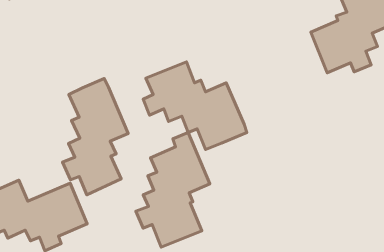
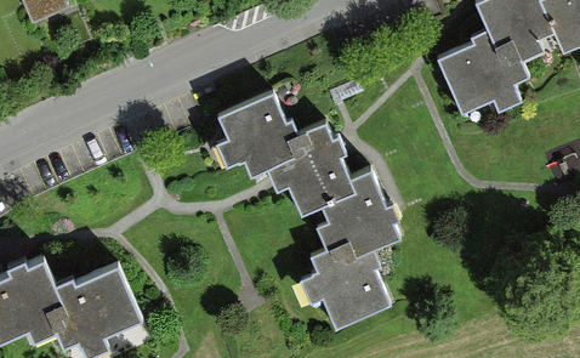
building: [62,79,128,195] -> none
building: [136,132,210,247] -> [300,174,399,328]

